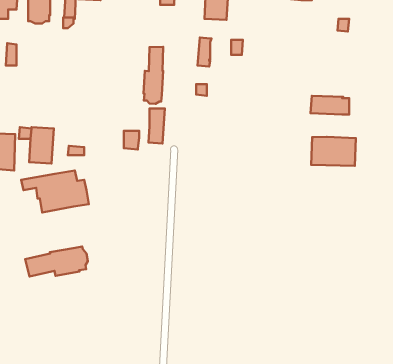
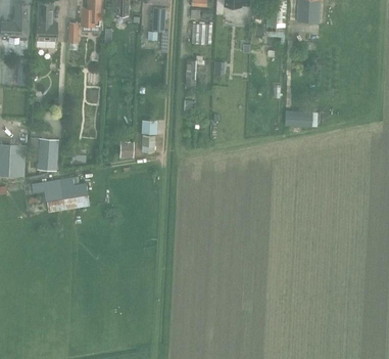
building: [143,47,163,104] -> none
building: [311,137,356,166] -> none
building: [25,247,88,276] -> none

